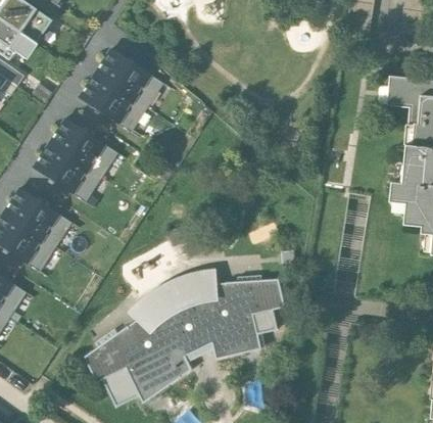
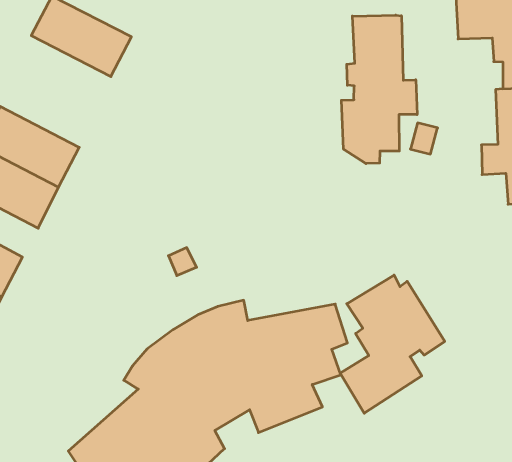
building: [77,69,146,131] -> none
building: none -> [341,15,417,164]
building: none -> [340,275,445,413]

